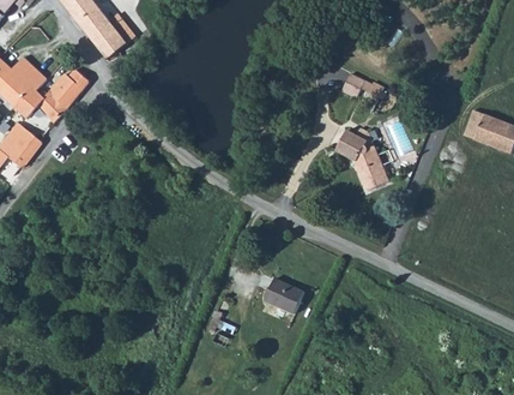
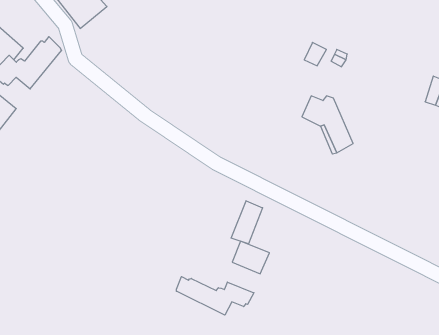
building: none -> [231,201,263,244]
building: none -> [176,277,254,315]

